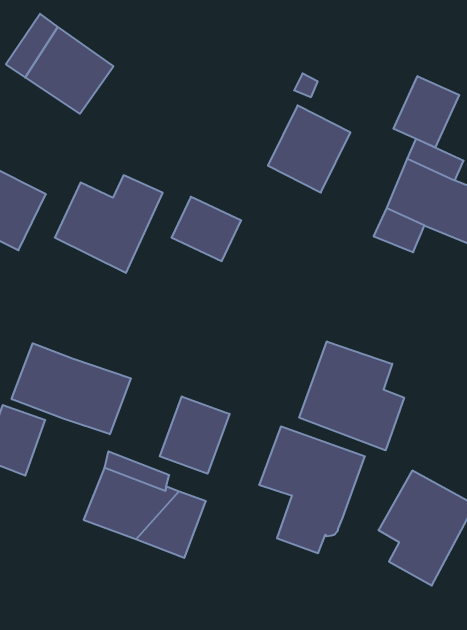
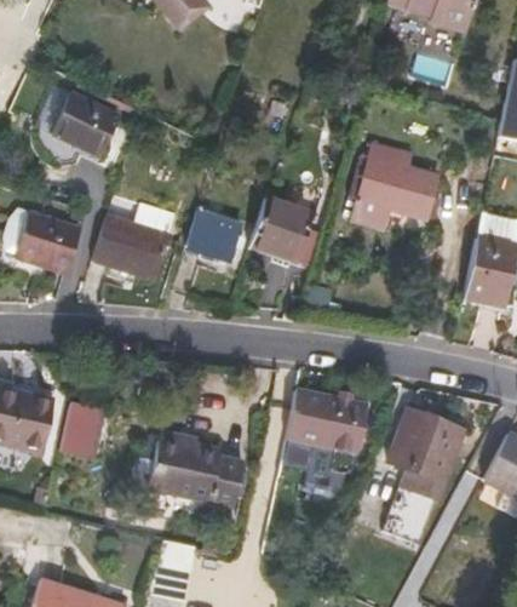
building: [394,76,459,148] -> none
building: [268,105,350,193] -> [249,196,312,264]
building: [299,341,404,450] -> none
building: [12,343,131,434] -> none
building: [160,396,230,474] -> none

